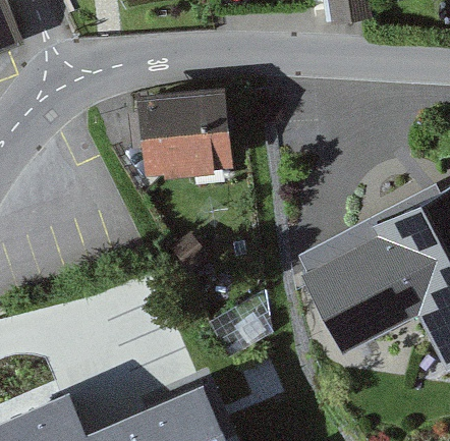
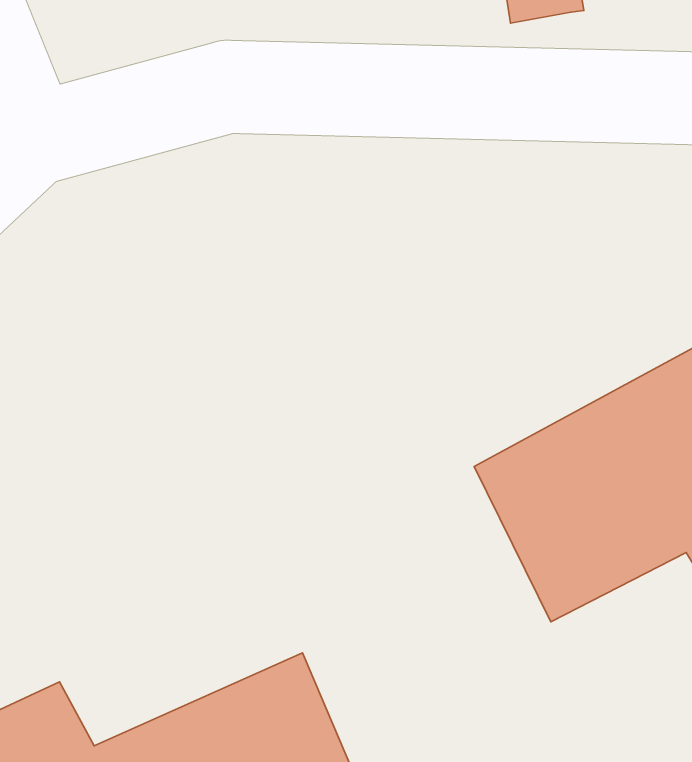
building: [140,93,226,166] -> none

